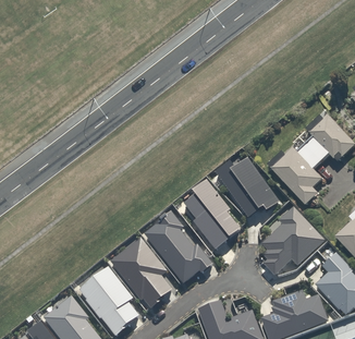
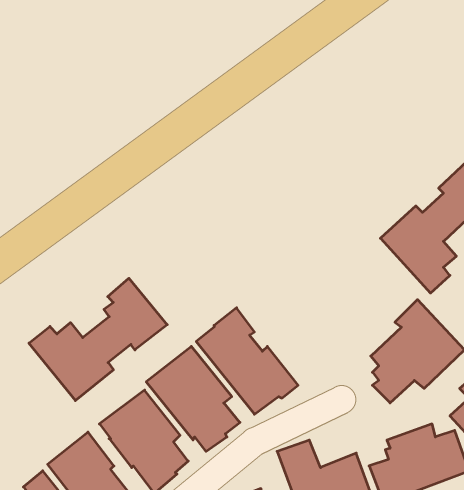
building: [216,159,279,217] -> none
building: [184,181,241,251] -> none
building: none -> [29,278,167,401]

